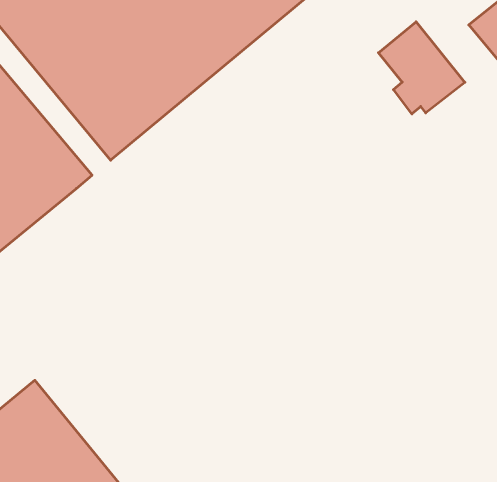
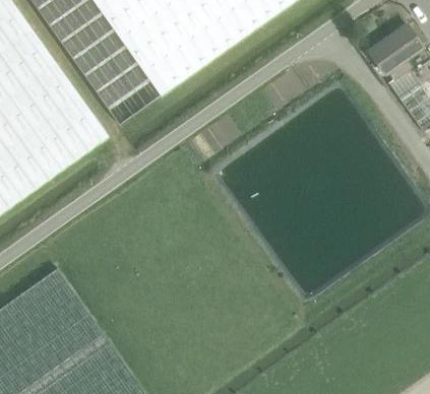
building: [378,22,465,114] -> none

